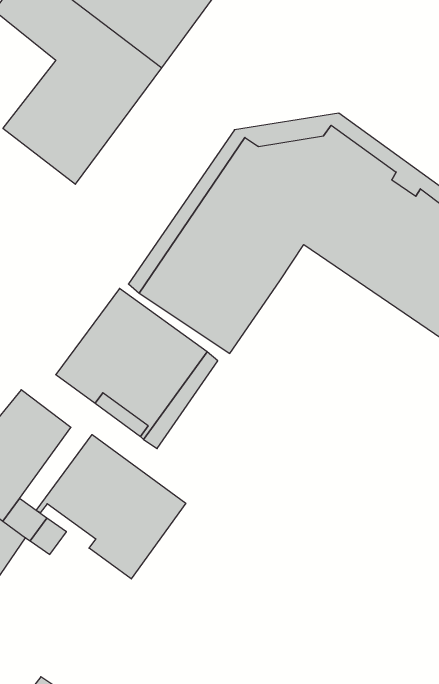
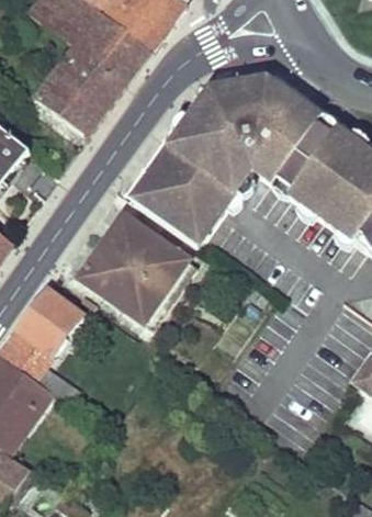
building: [36,435,186,579] -> none

